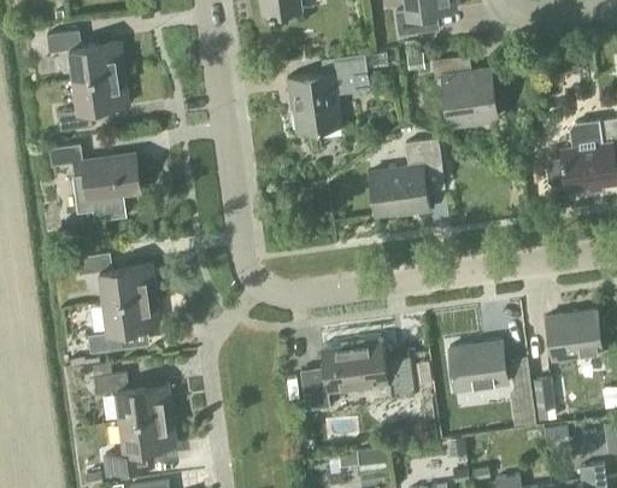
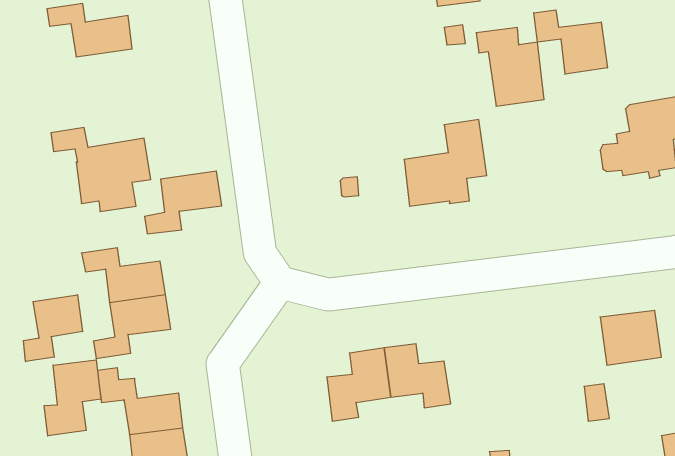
building: none -> [534,10,607,74]
building: [288,53,366,131] -> none
building: [59,74,129,130] -> [145,171,222,234]
building: none -> [23,295,83,362]
building: [449,340,509,389] -> none
building: none -> [44,360,101,436]

